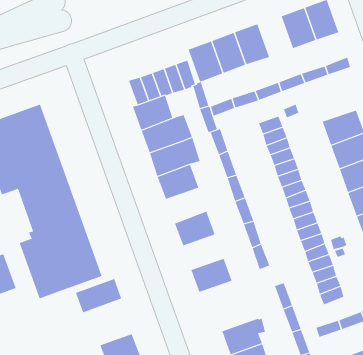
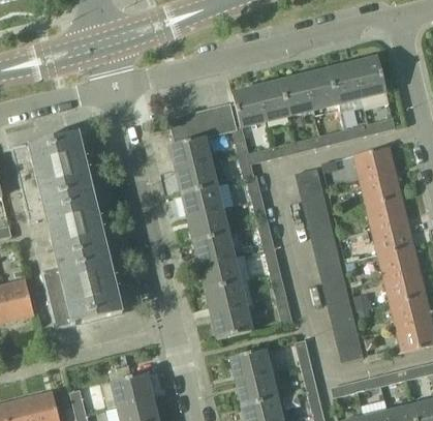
building: none -> [305,68,337,109]
building: none -> [353,146,395,179]
building: none -> [193,233,234,266]
building: none -> [206,281,246,314]
building: [75,278,122,313] -> none
building: none -> [229,348,275,380]

